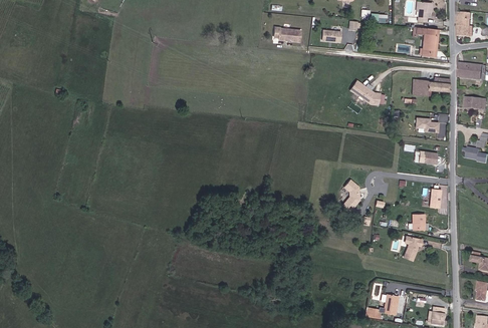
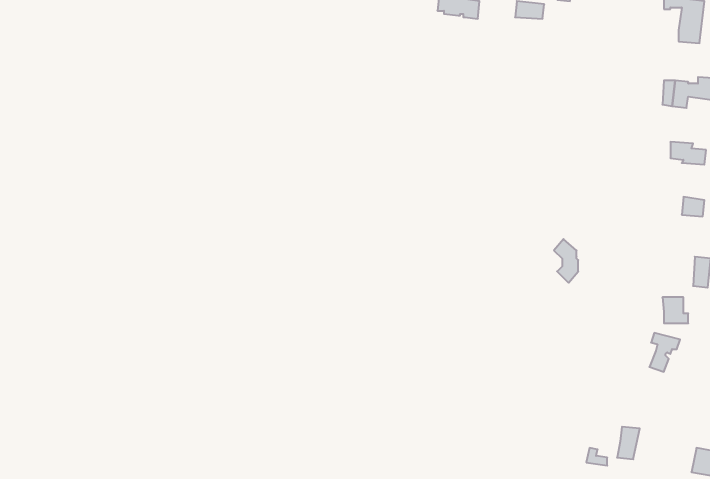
building: [351,80,382,105] -> none

